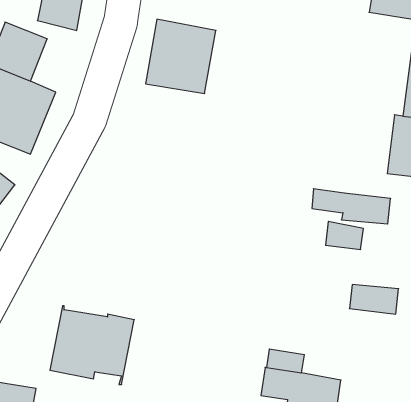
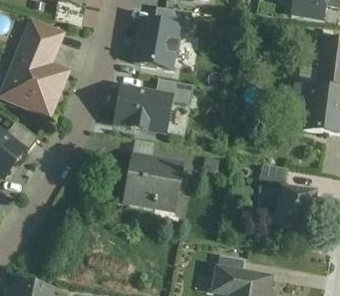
building: none -> [115,84,175,133]
building: [312,189,391,224] -> [259,185,315,210]
building: [50,306,134,384] -> [124,153,185,209]

